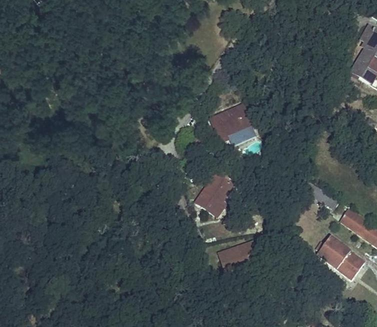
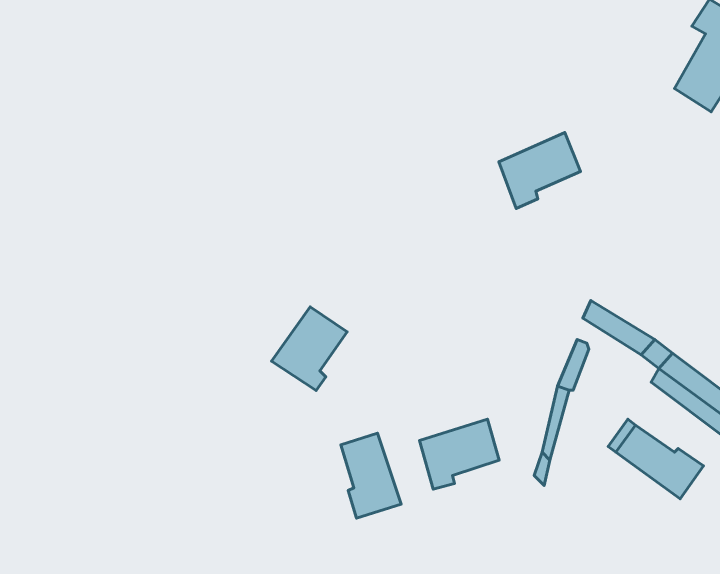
building: [212,102,254,141] -> [499,133,580,209]
building: [198,172,237,215] -> [271,307,347,390]
building: none -> [341,433,401,518]

